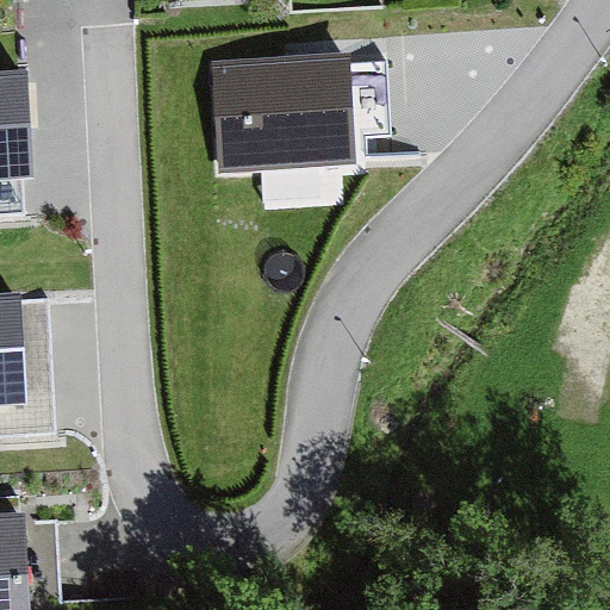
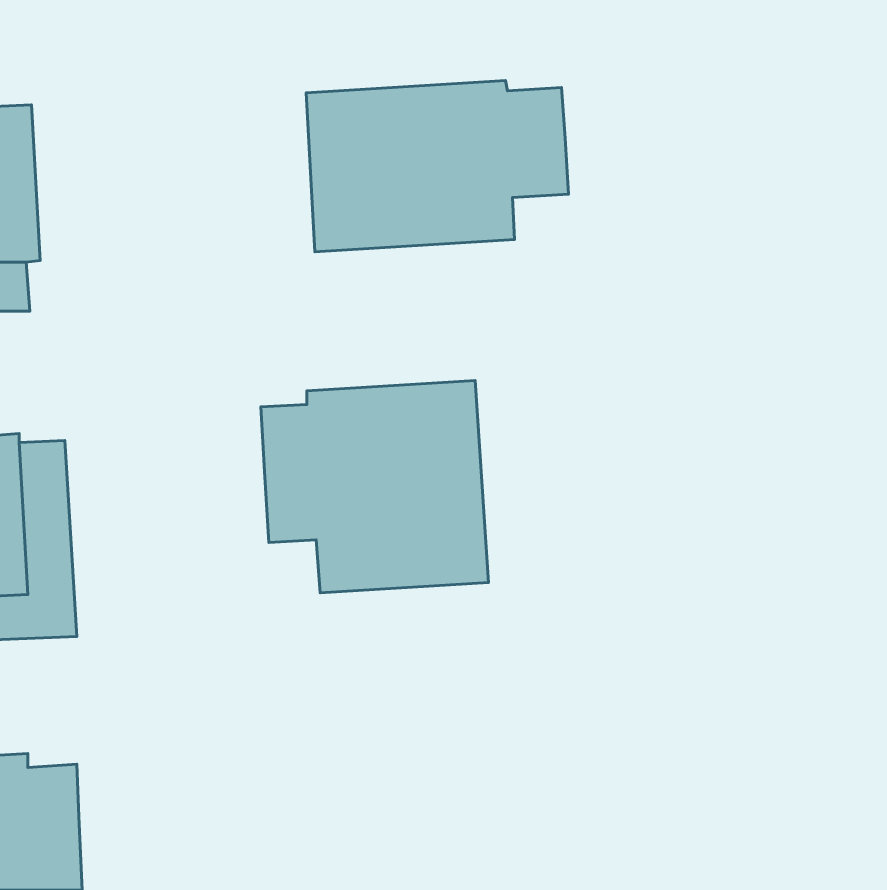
building: none -> [261,381,488,593]

